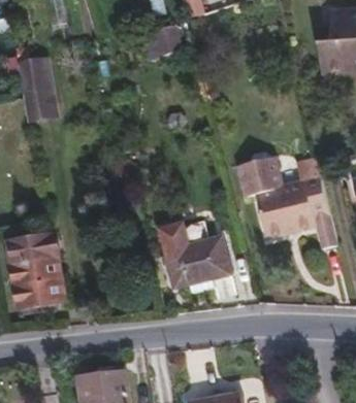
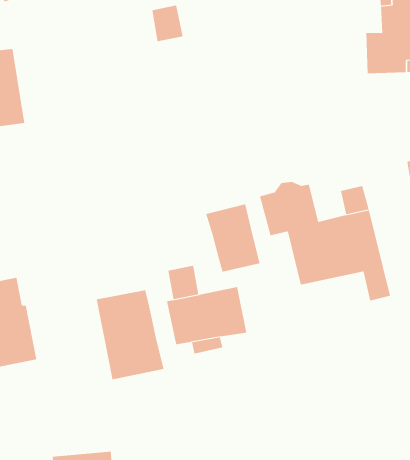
building: none -> [206,204,260,273]
building: none -> [96,289,164,380]

